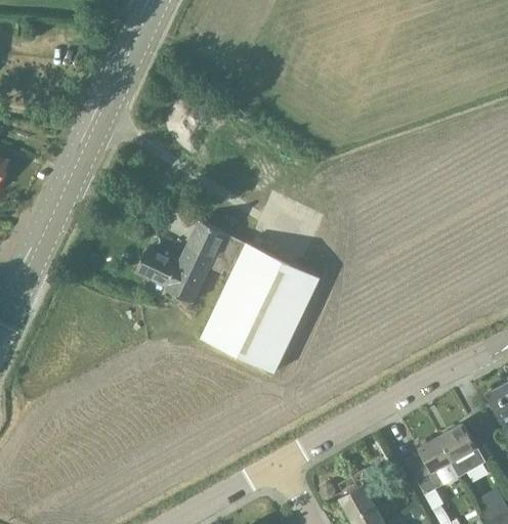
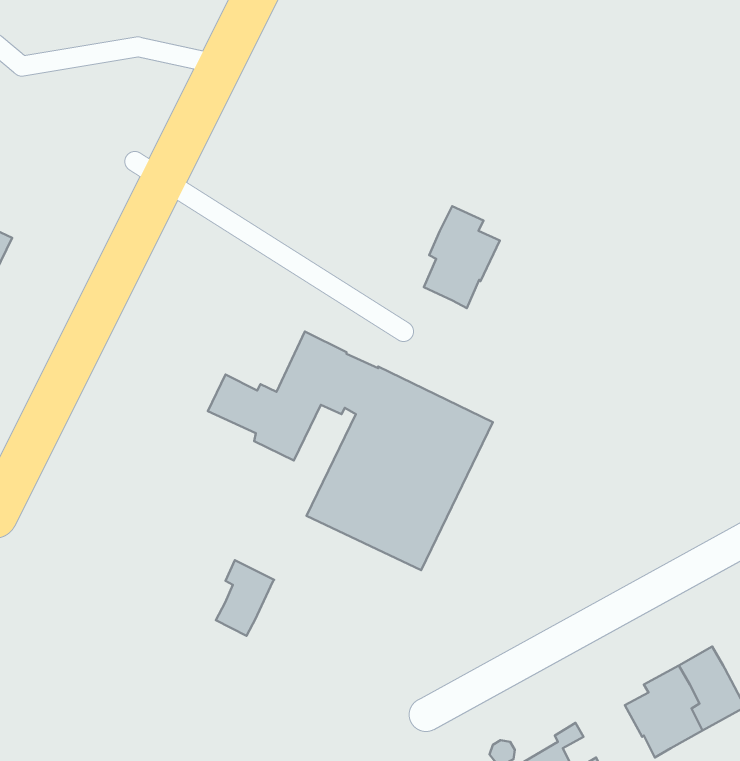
building: none -> [424,206,500,308]
building: none -> [216,560,274,636]

